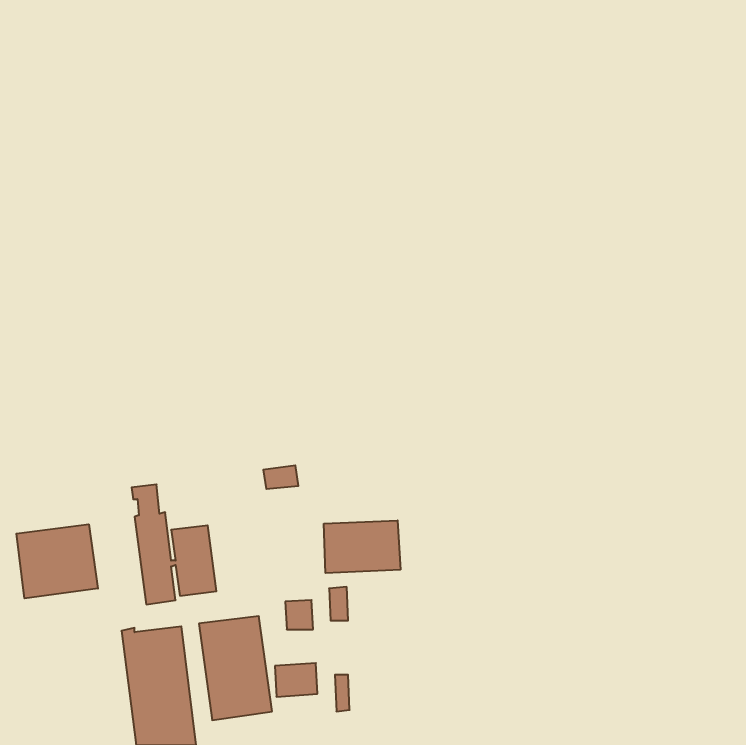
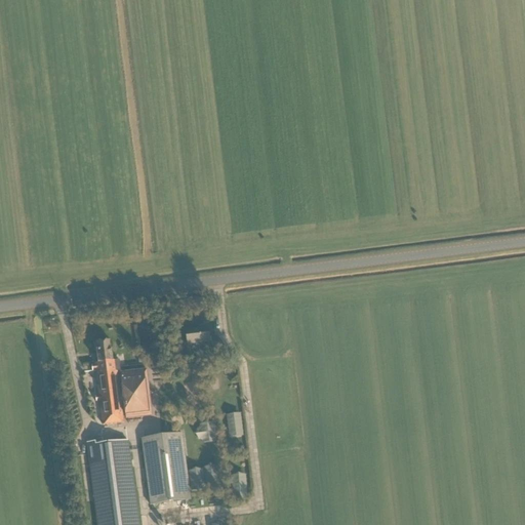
building: [324,520,400,573] -> none
building: [16,524,98,598] -> none

